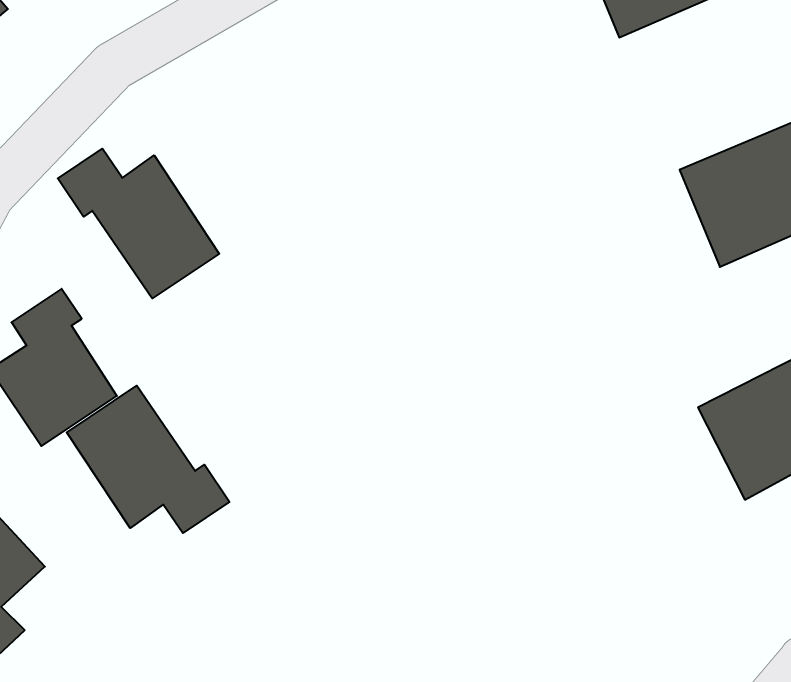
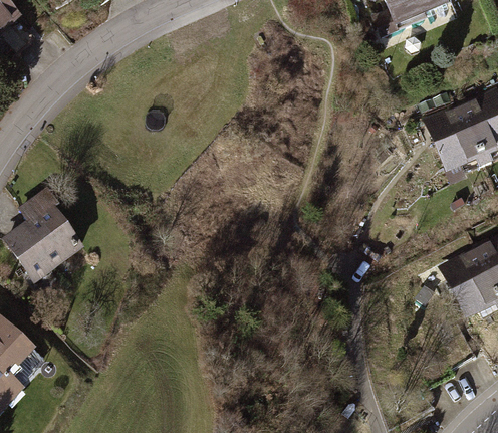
building: [58,149,219,298] -> none
building: [67,386,229,533] -> none

